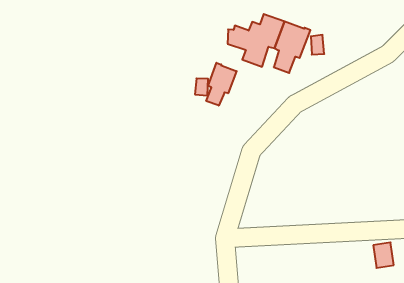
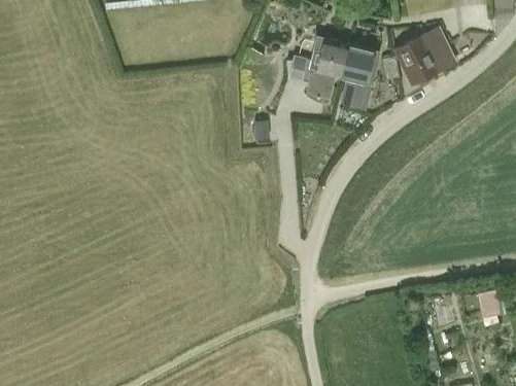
building: none -> [393,29,455,86]
building: [206,63,237,106] -> none

